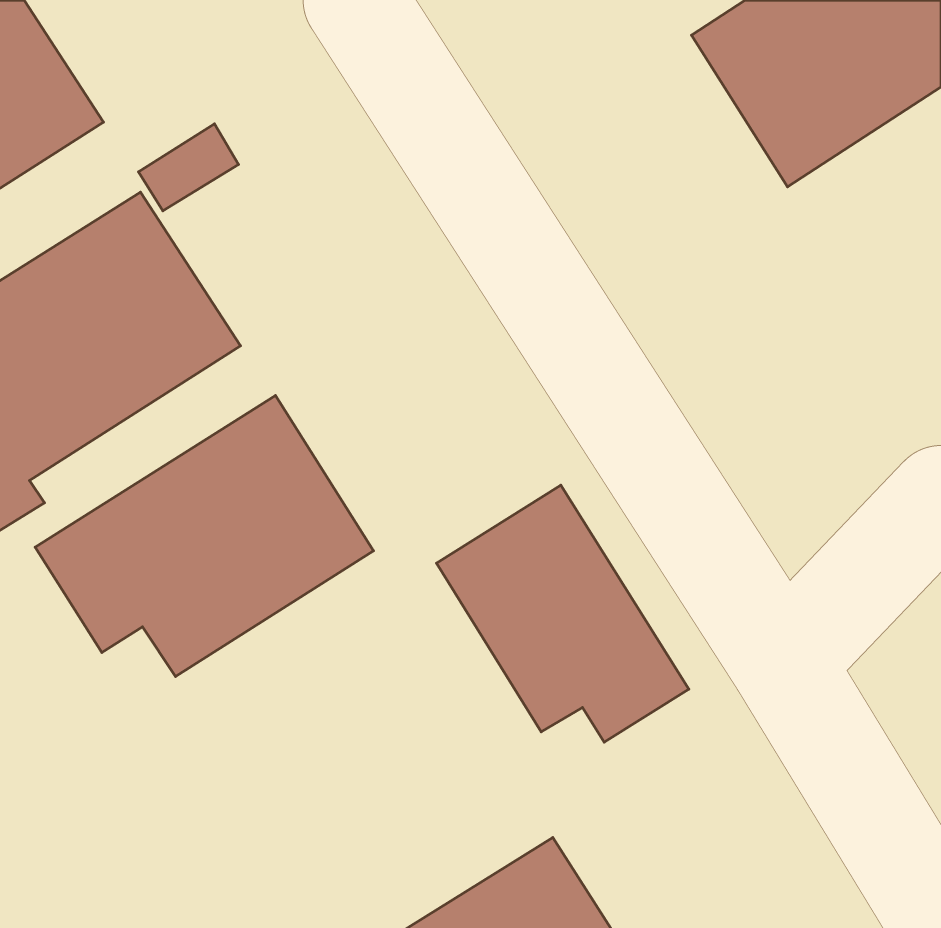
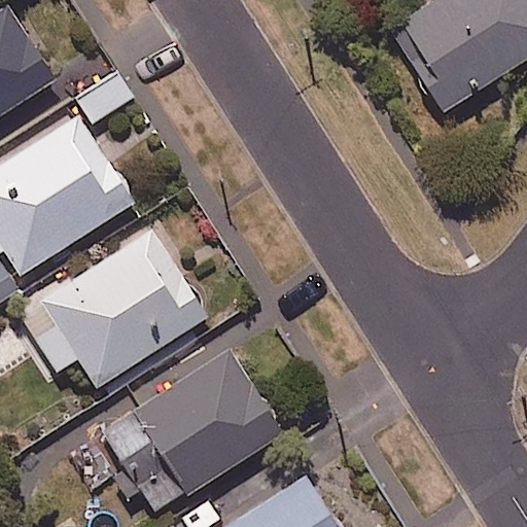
building: [436,485,689,742] -> none
building: none -> [103,347,284,513]

